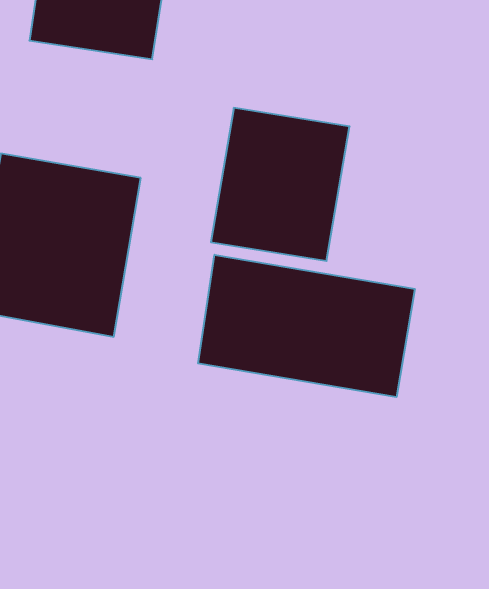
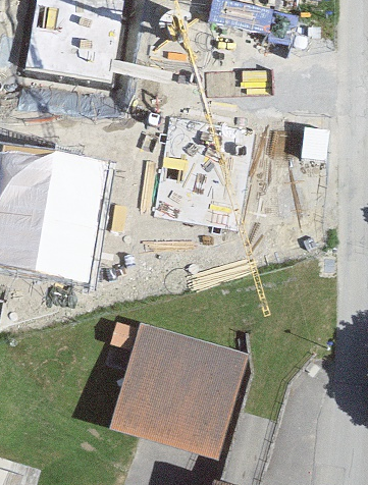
building: [198,255,415,397] -> none
building: none -> [107,332,231,447]

